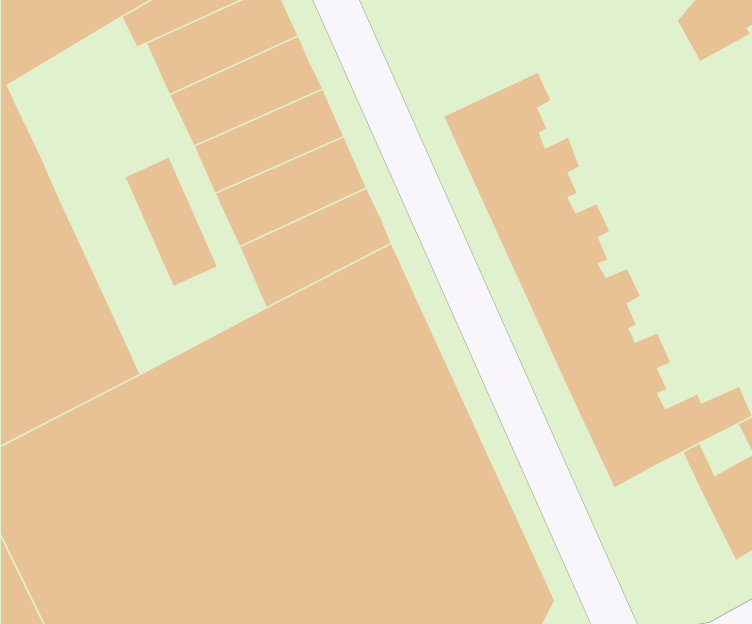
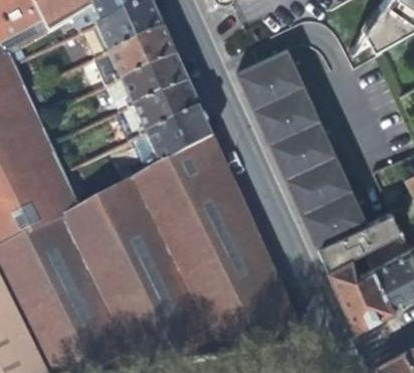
building: [125,157,218,287] -> none
building: none -> [329,255,393,326]

